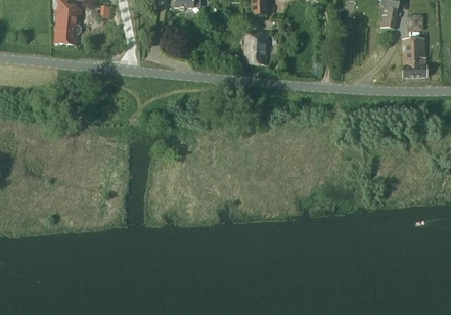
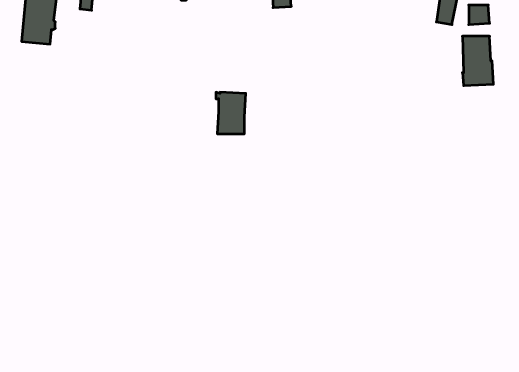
building: [243,31,267,63] -> [216,92,246,134]

